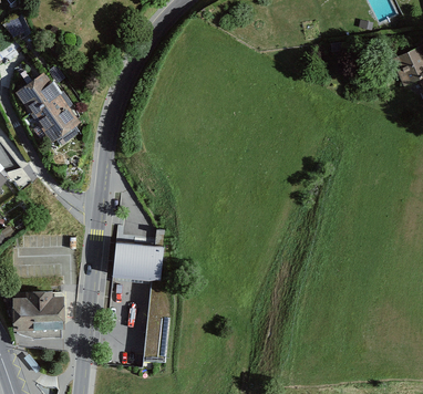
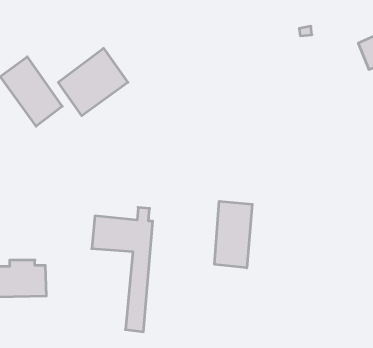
building: none -> [58,48,128,116]
building: none -> [215,201,252,268]

